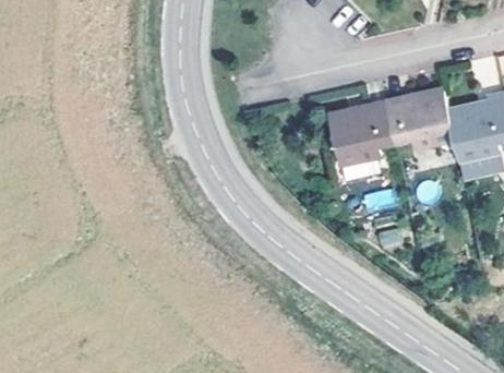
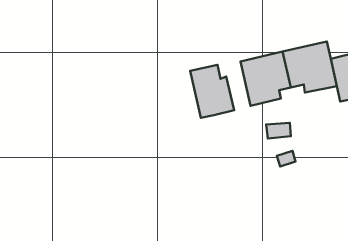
building: none -> [190,65,234,118]

